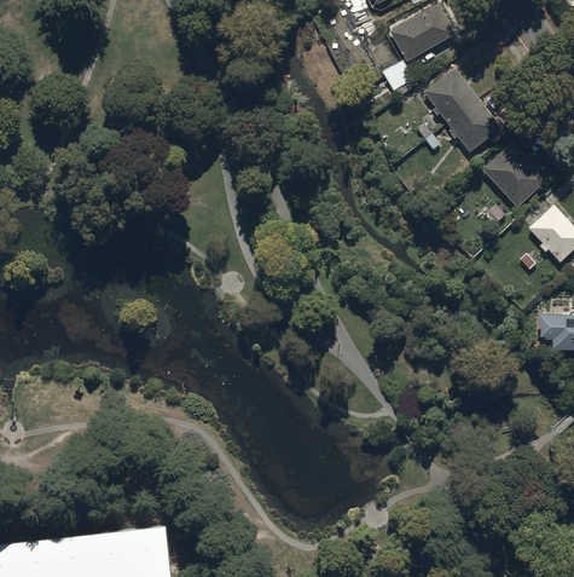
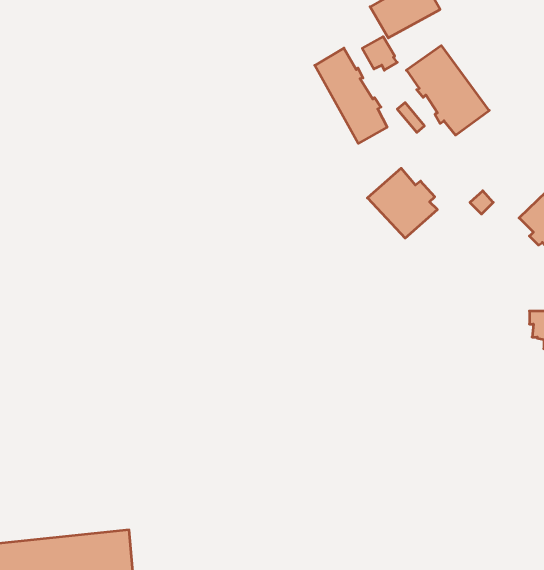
building: none -> [315,48,387,143]
building: [481,144,546,209] -> [367,168,437,238]

